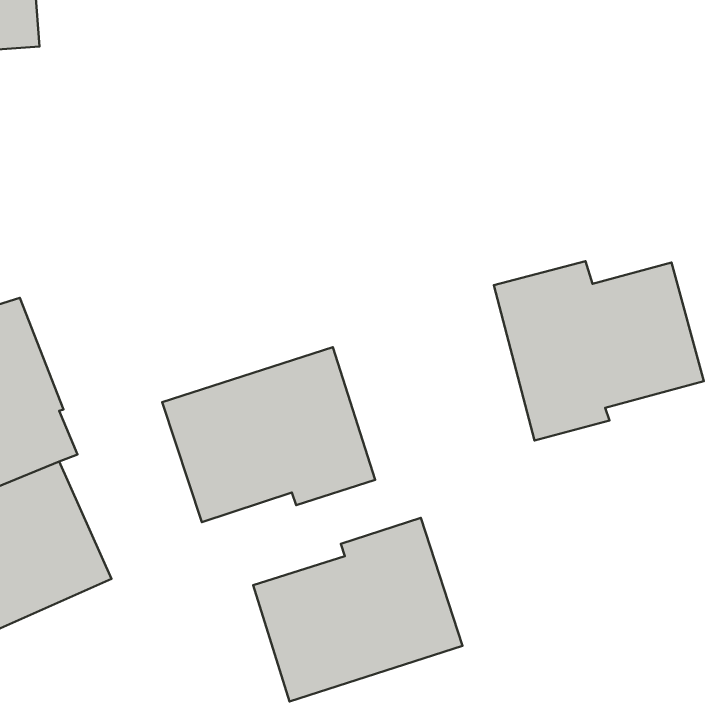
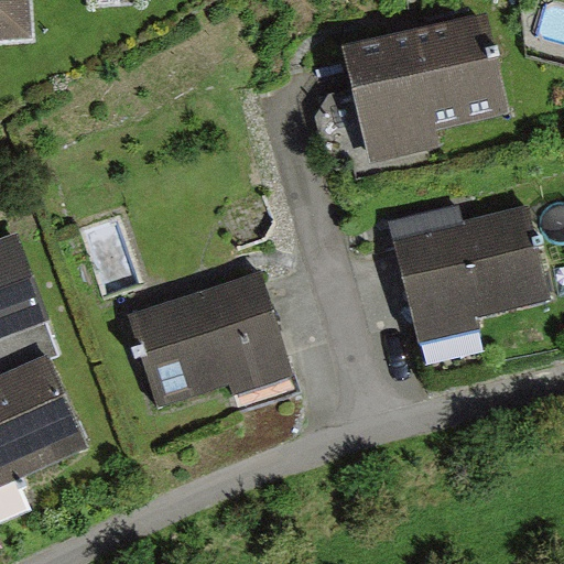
building: none -> [341,18,509,163]
building: [253,518,462,701] -> none

